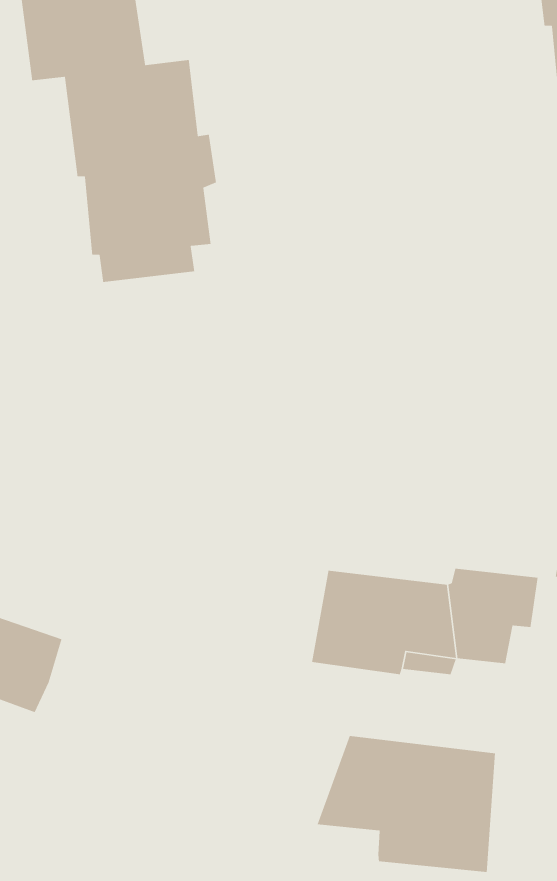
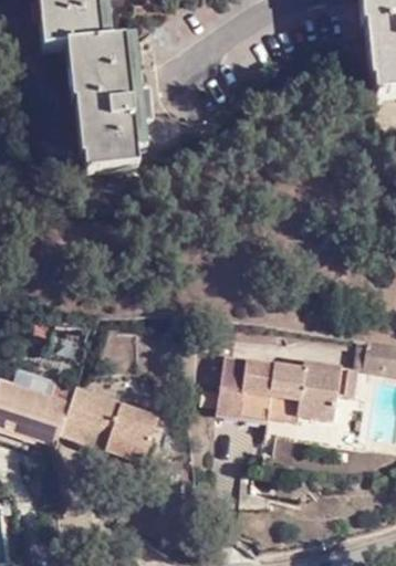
building: none -> [58,380,153,458]
building: [316,735,496,873] -> none

